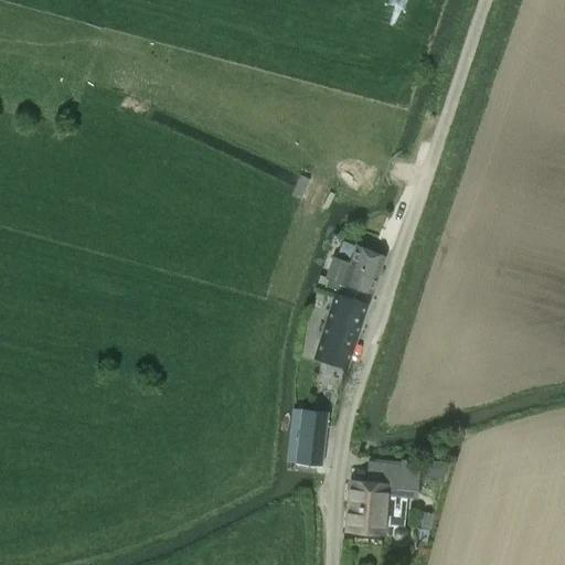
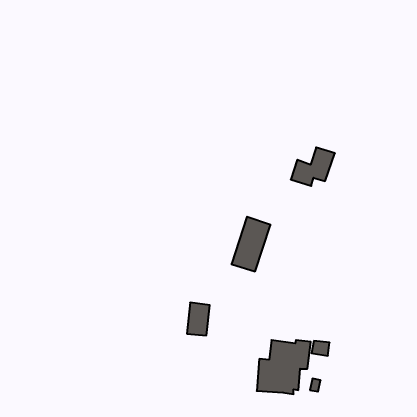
building: [322,245,382,297] -> [291,147,335,186]
building: [295,420,326,465] -> [187,303,210,335]

